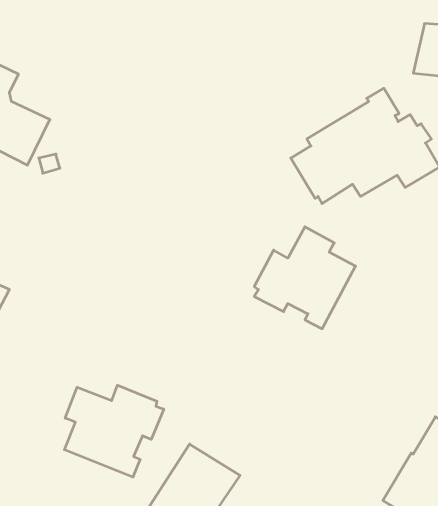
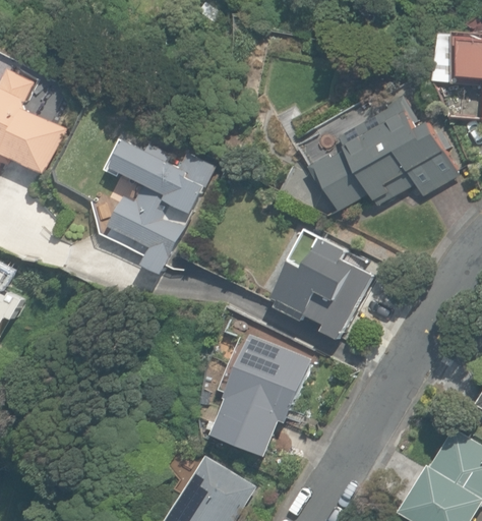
building: none -> [105,139,216,272]
building: none -> [212,334,311,455]
building: [64,385,164,477] -> none

